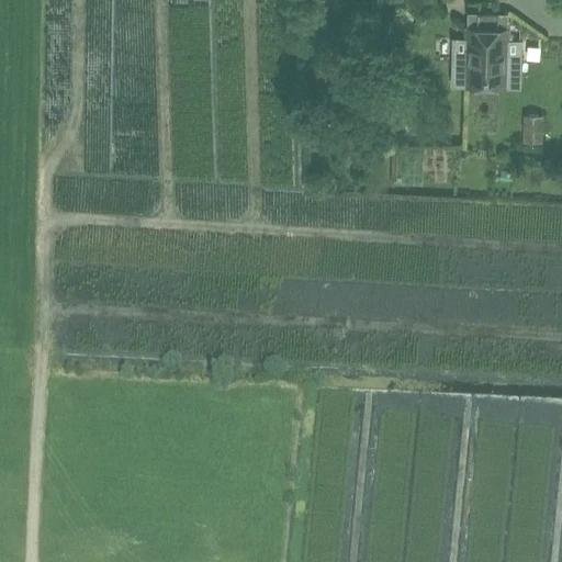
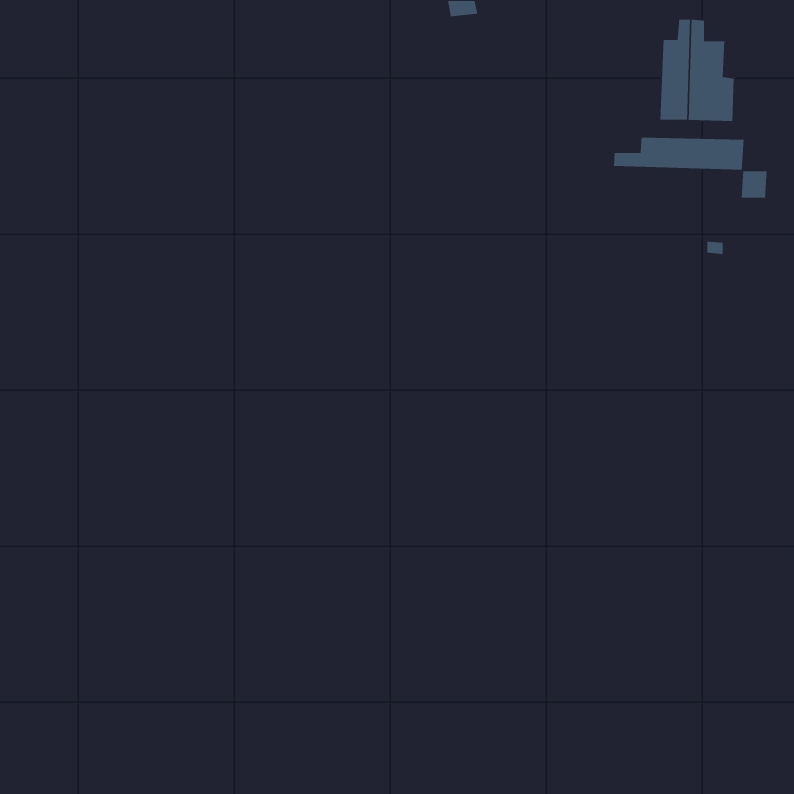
building: none -> [613,137,744,170]

